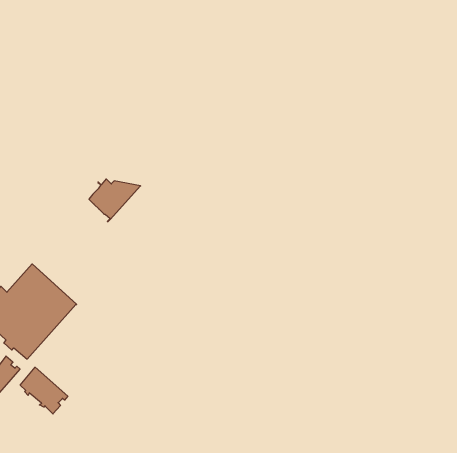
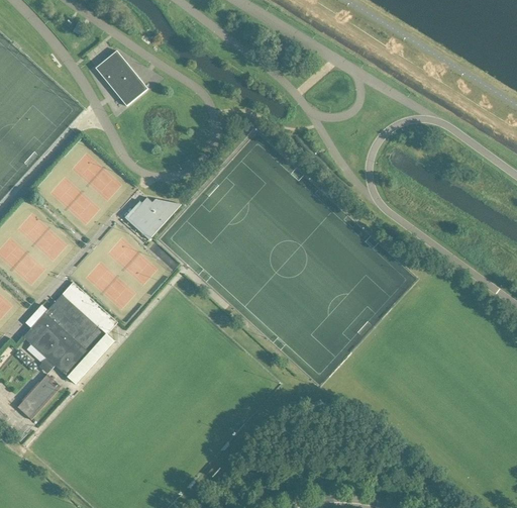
building: none -> [93,50,145,106]
building: [20,367,68,414] -> none

